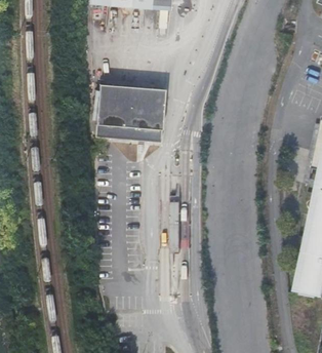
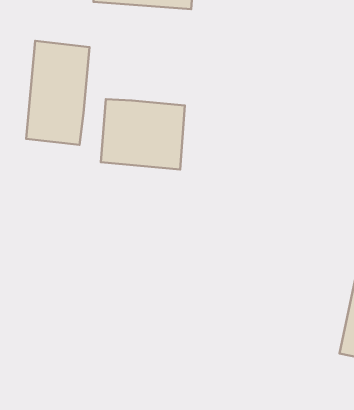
building: none -> [26,41,90,145]

